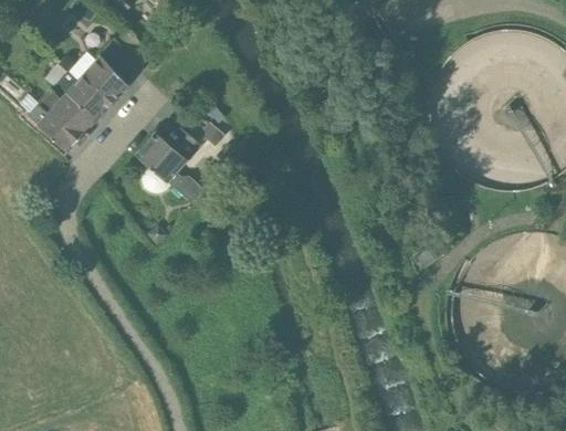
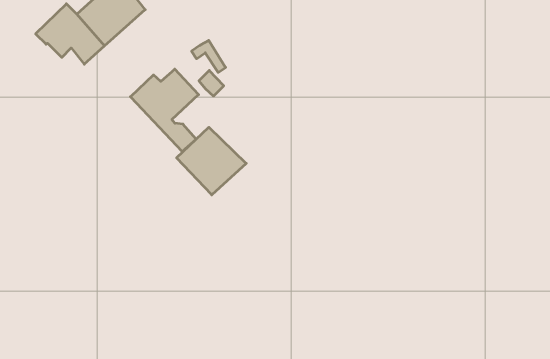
building: [25,104,87,151] -> none
building: none -> [177,127,246,195]

